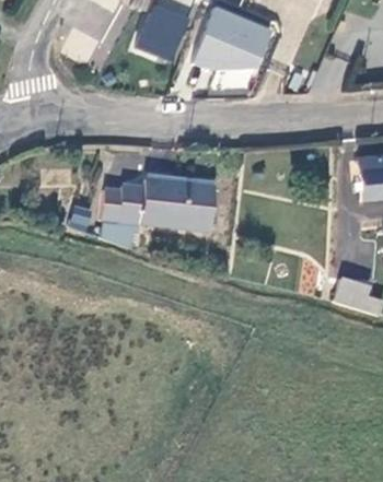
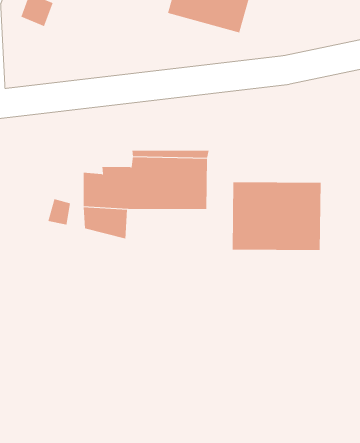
building: none -> [232,182,321,251]

